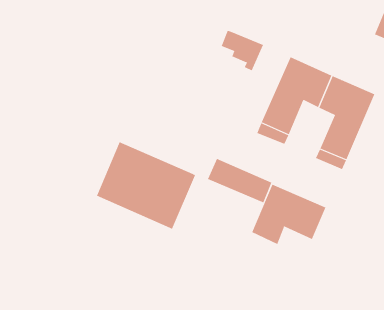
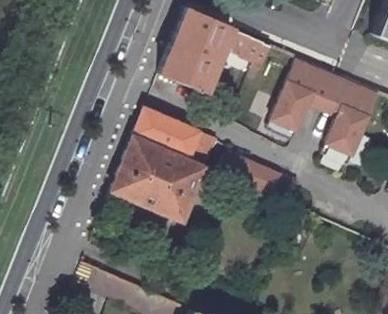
building: none -> [161,8,233,92]
building: none -> [135,109,218,168]
building: [251,184,326,245] -> none

